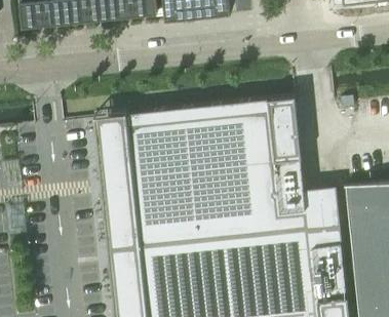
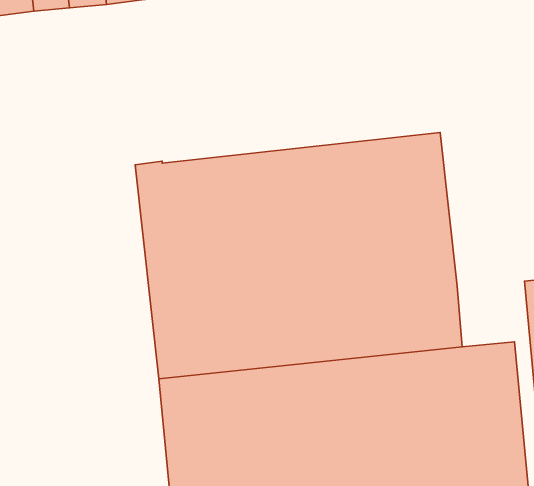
building: [303,188,338,228] -> none

